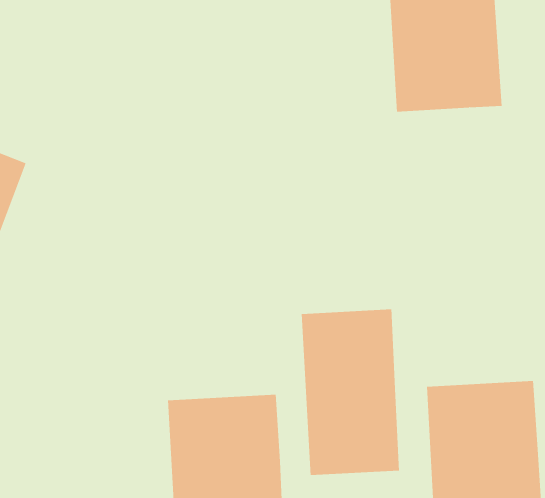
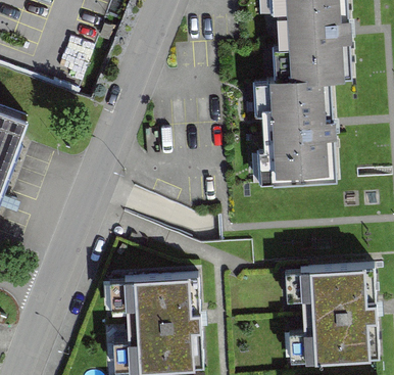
building: none -> [259,82,337,188]
building: [301,308,400,476] -> none

